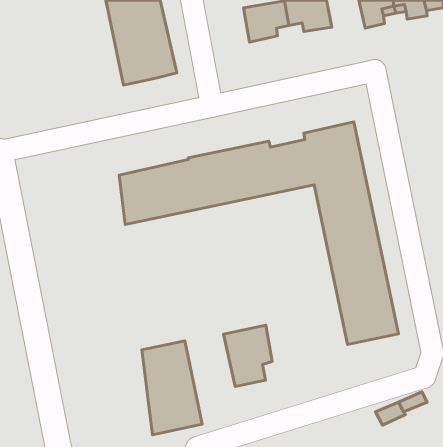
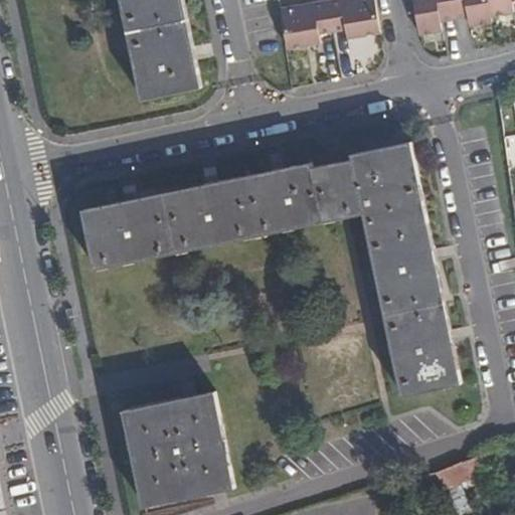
building: none -> [79,182,216,270]
building: [223,325,272,387] -> none
building: none -> [121,402,175,507]

